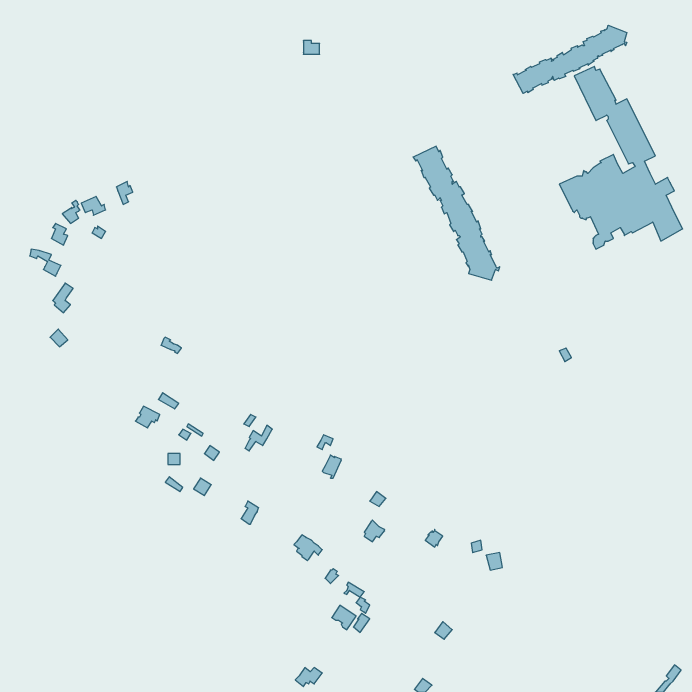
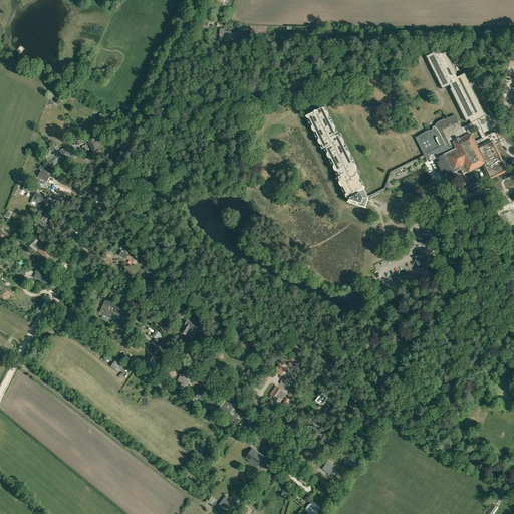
building: [513,25,627,93] -> none

